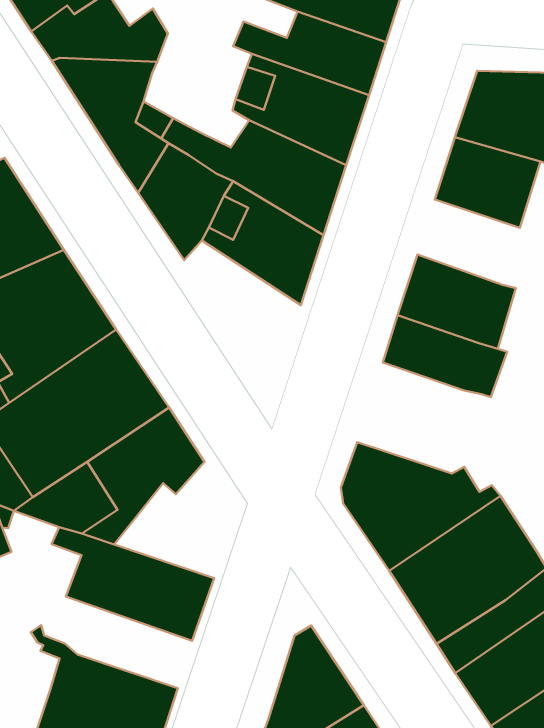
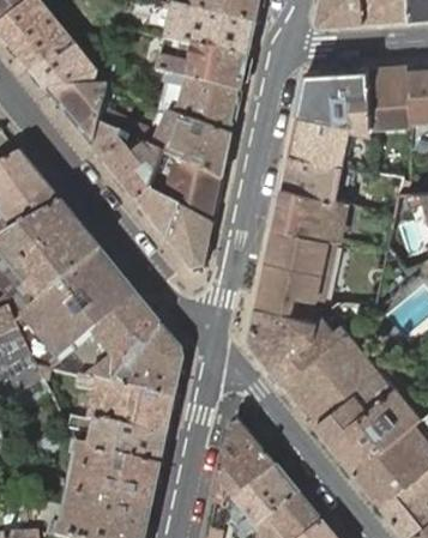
building: none -> [279,153,340,201]
building: none -> [137,193,211,272]
building: none -> [254,256,327,315]
building: none -> [111,328,182,399]
building: none -> [58,413,165,469]

